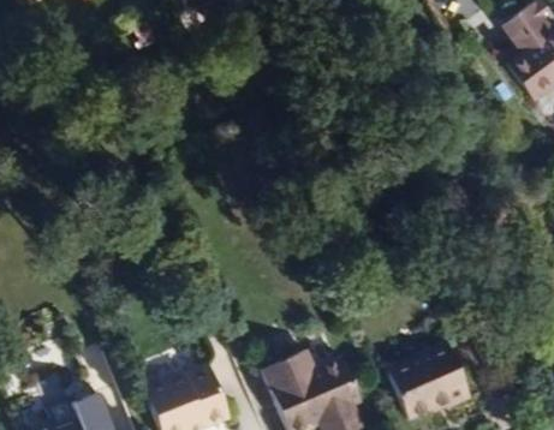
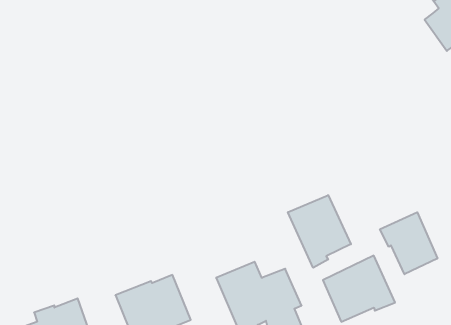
building: none -> [288,195,351,268]
building: none -> [380,212,437,274]

